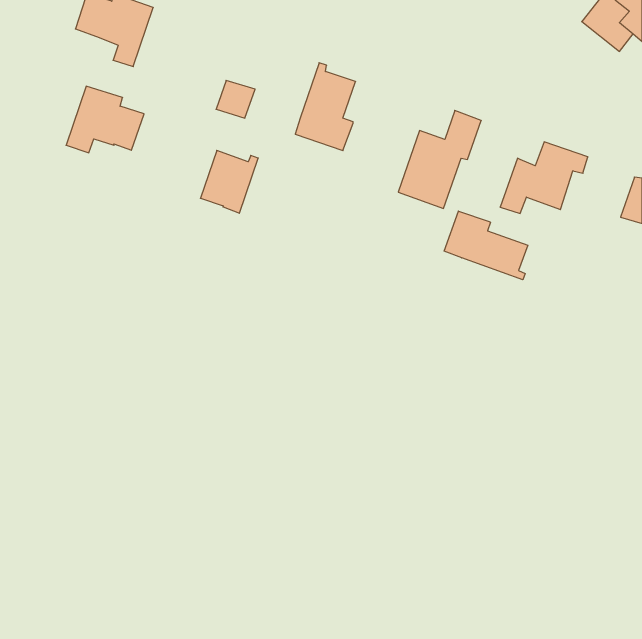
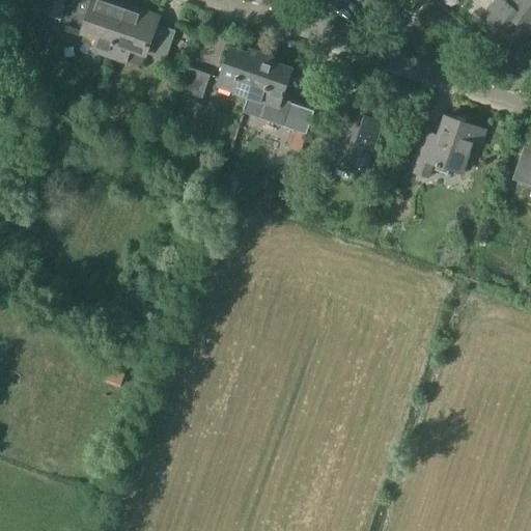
building: [66,86,144,153] -> [110,6,174,61]
building: none -> [283,102,315,134]
building: [200,150,258,213] -> [216,46,263,97]
building: [444,211,528,280] -> none

